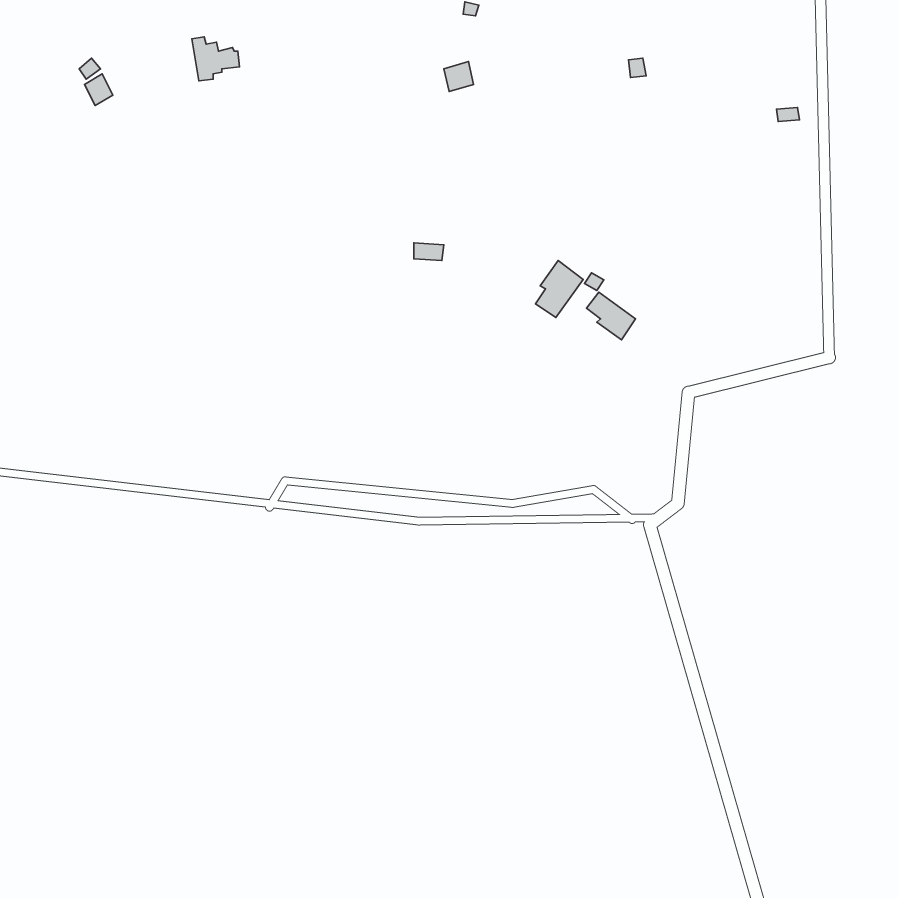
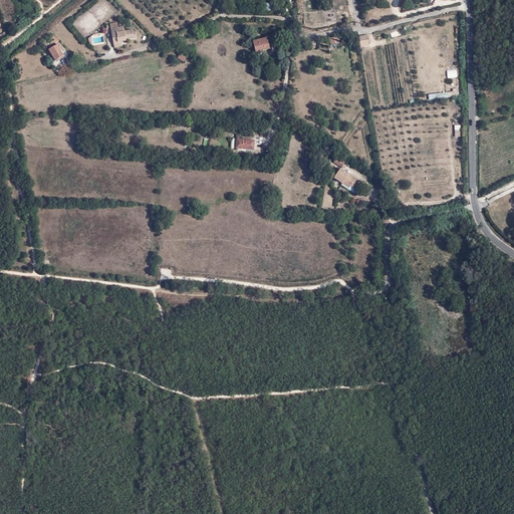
building: [535,261,583,317] -> none

